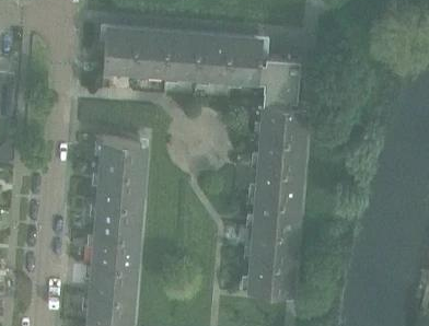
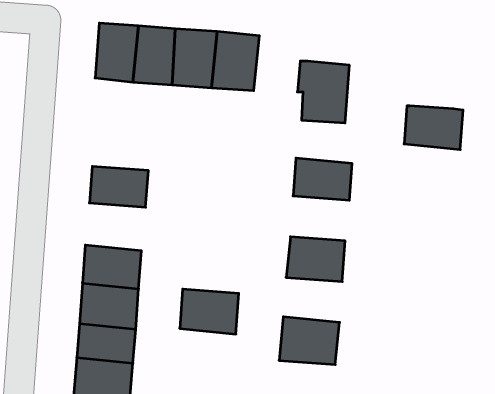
building: [225,39,268,85] -> none
building: [258,105,304,139] -> [404,106,463,150]
building: [254,164,300,199] -> none
building: [94,170,141,207] -> none
building: [248,228,294,263] -> [180,289,239,334]

